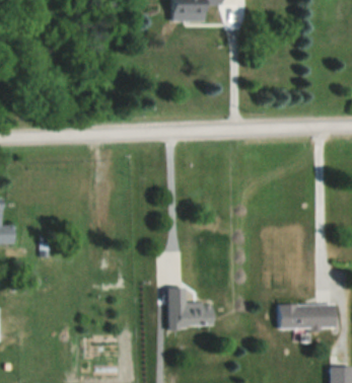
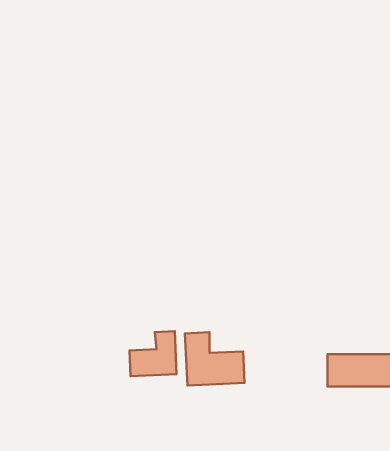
building: none -> [129,331,177,376]

